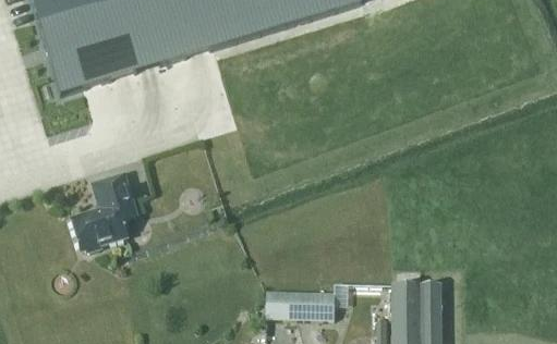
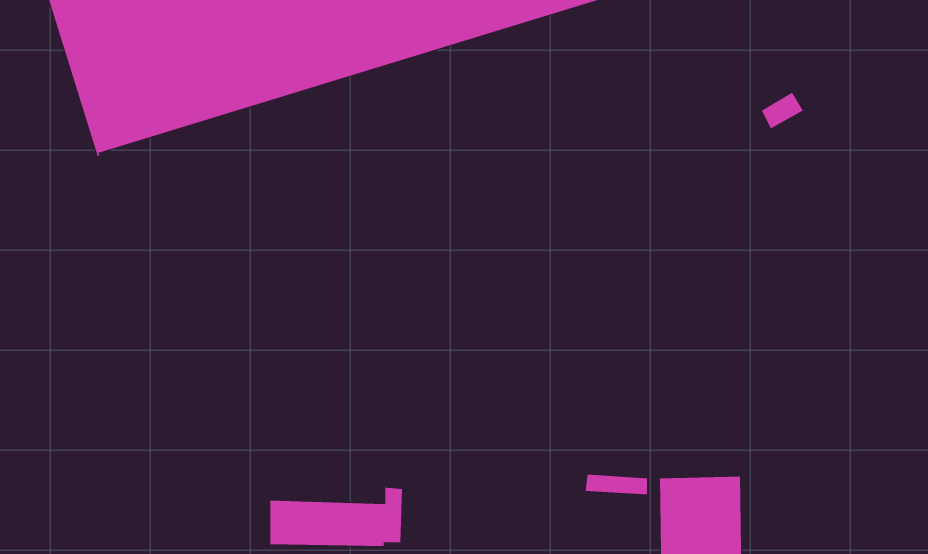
building: [71,173,136,250] -> none
building: [266,283,344,318] -> [269,487,403,546]

